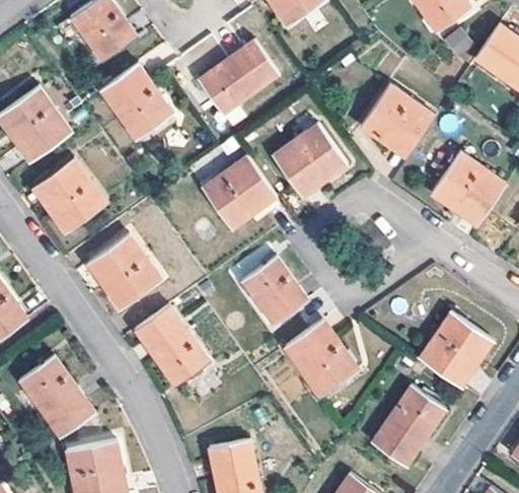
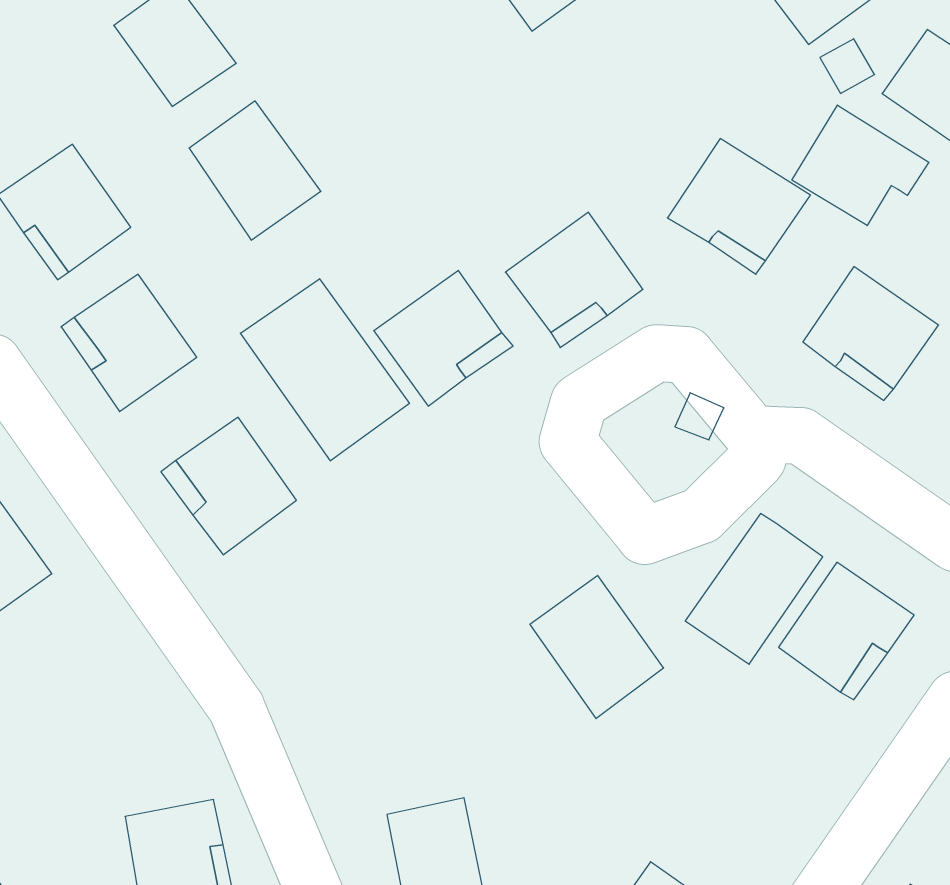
building: [199,40,279,115] -> none
building: none -> [792,105,929,226]
building: none -> [240,279,409,461]
building: [244,257,308,325] -> none
building: [135,305,209,385] -> none
building: [19,356,94,437] -> none
building: [372,385,446,467] -> [685,514,823,664]

